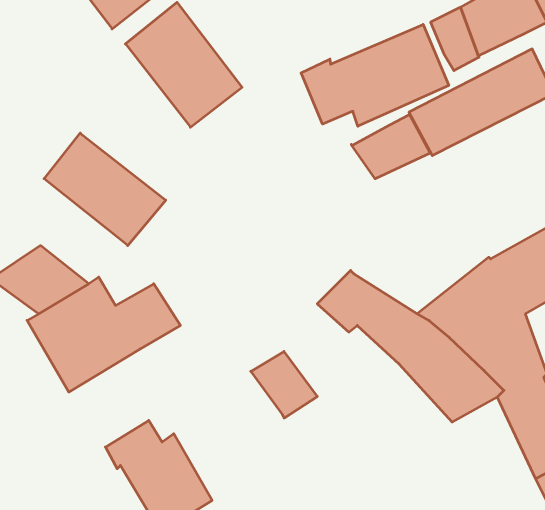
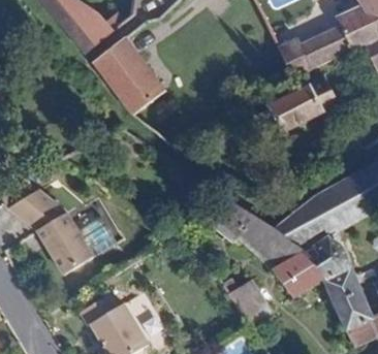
building: [301,24,449,126] -> none
building: [351,114,430,179] -> none
building: [44,133,166,246] -> none
building: [251,351,317,418] -> [229,282,271,323]

